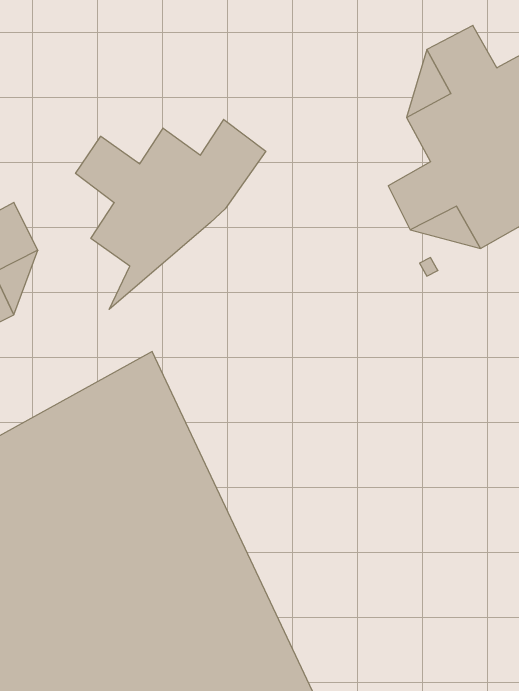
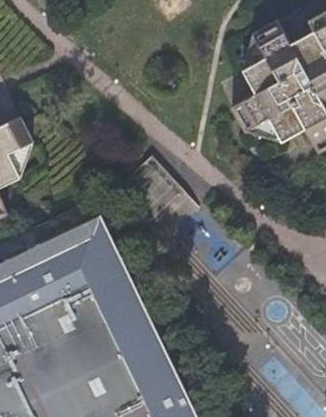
building: [76,119,266,309] -> none

